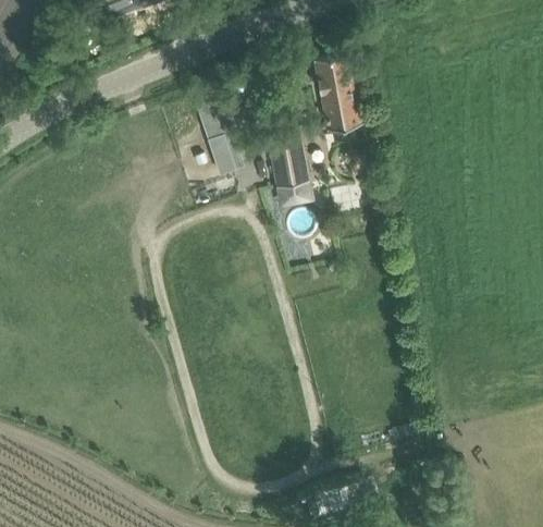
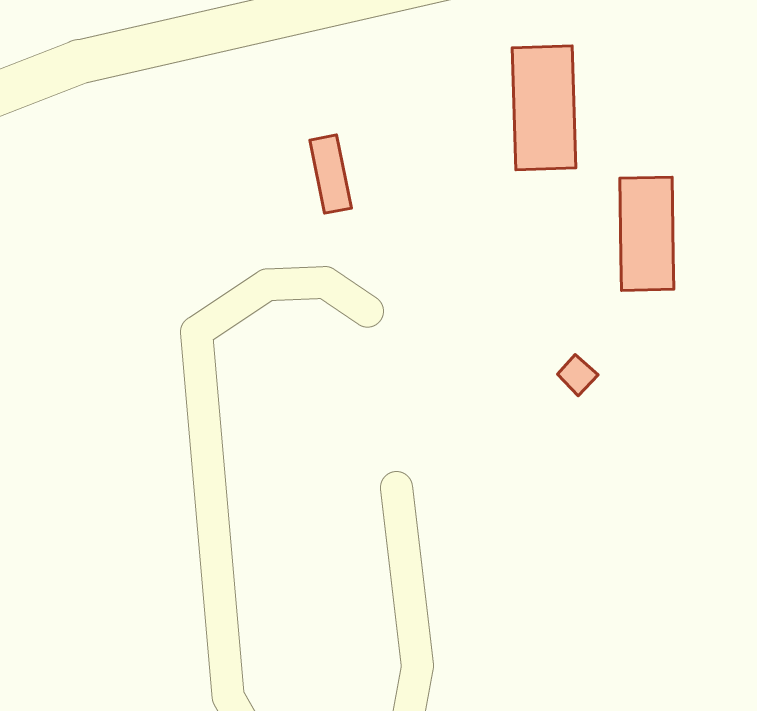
building: [269,136,310,207] -> [620,177,674,291]

